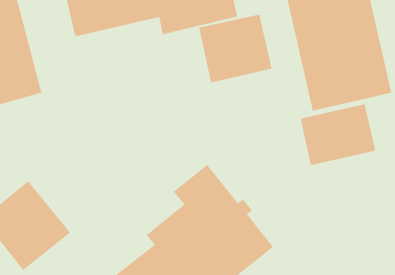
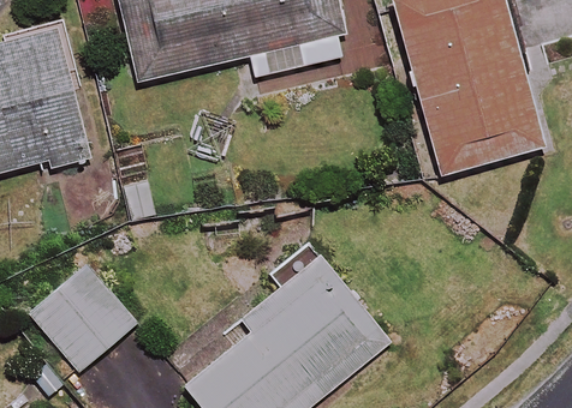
building: [199,14,272,83] -> none
building: [300,103,376,166] -> none

